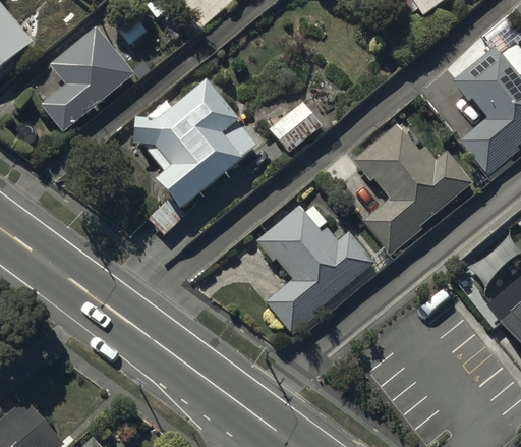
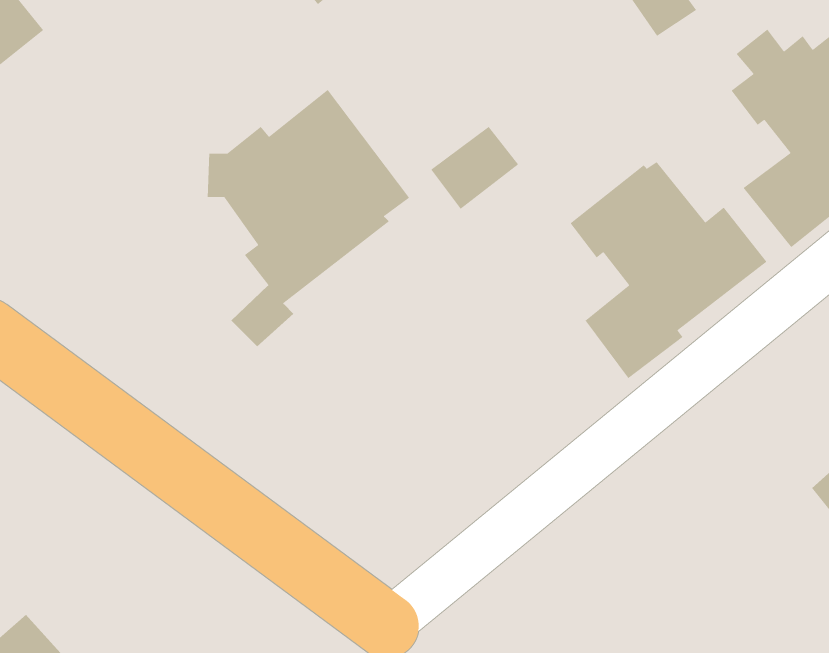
building: [39,29,134,134] -> none
building: [255,203,374,335] -> none

